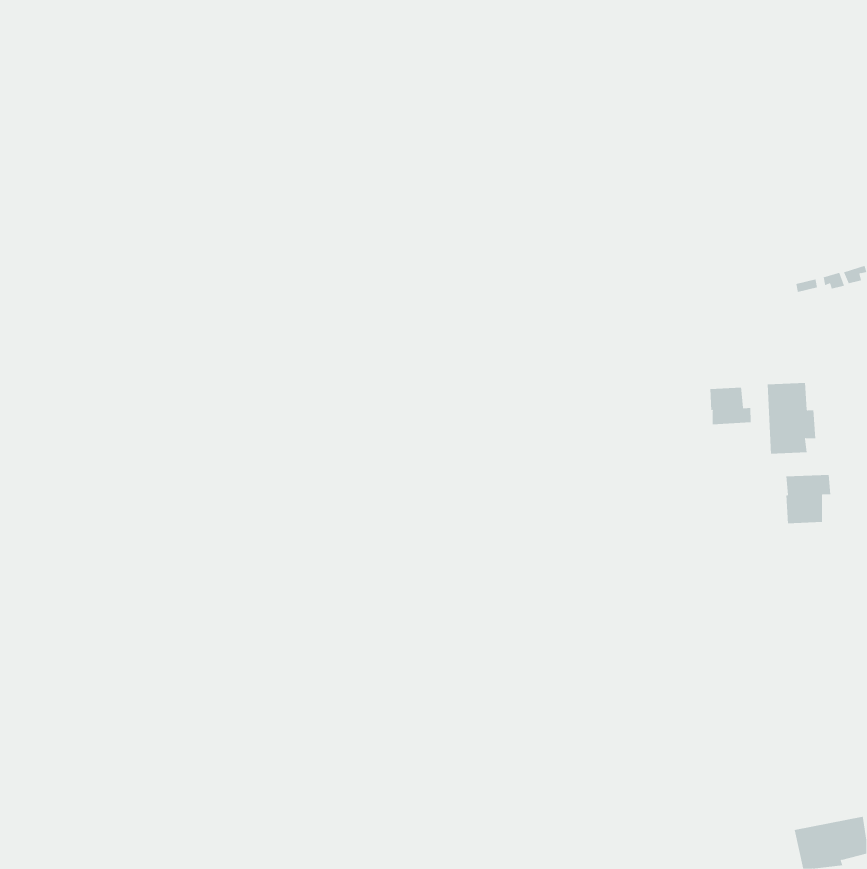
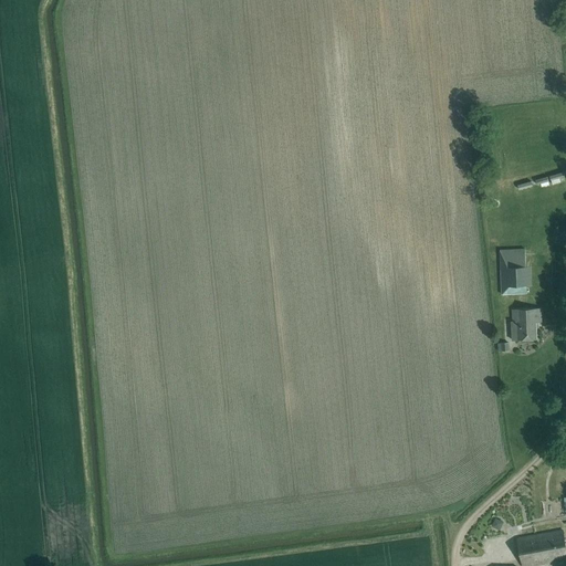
building: [710,387,751,425] -> none

